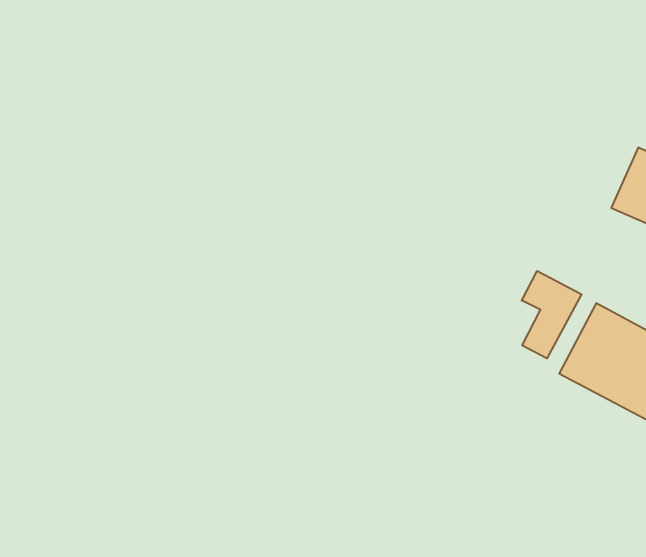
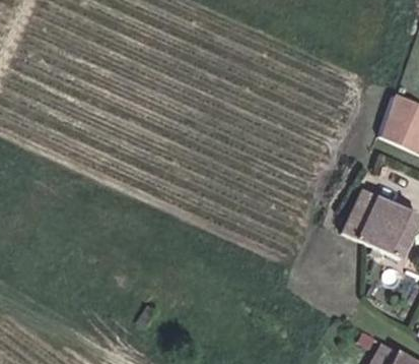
building: [522,271,582,358] -> none

